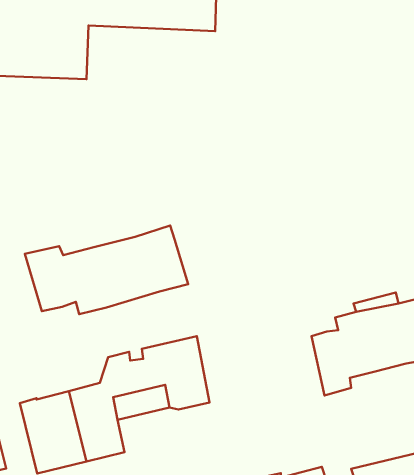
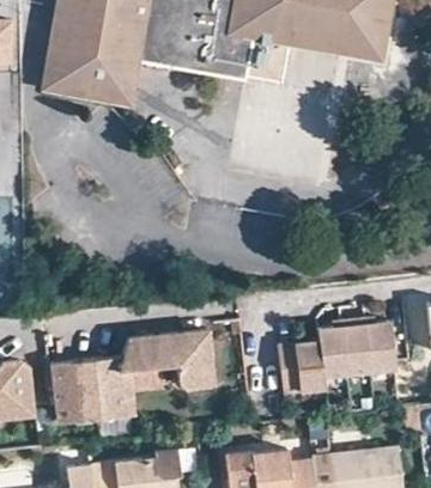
building: [25,226,188,314] -> none

